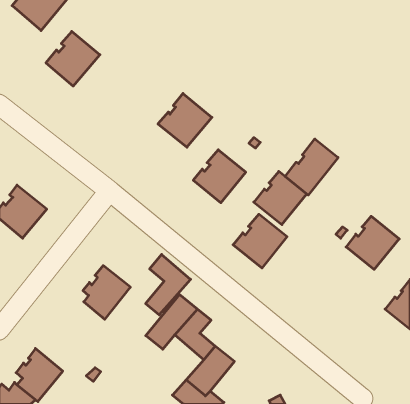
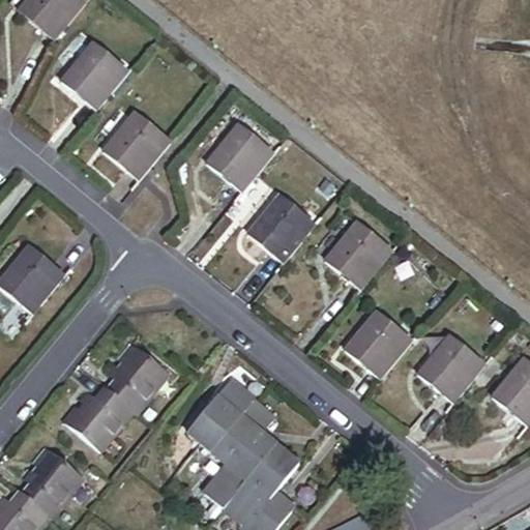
building: none -> [99,111,170,181]
building: [285,139,338,195] -> none
building: [233,214,287,268] -> [346,310,415,379]
building: [346,216,399,269] -> [423,335,492,404]
building: [146,254,191,315] -> [204,431,262,508]
building: none -> [64,386,131,447]

